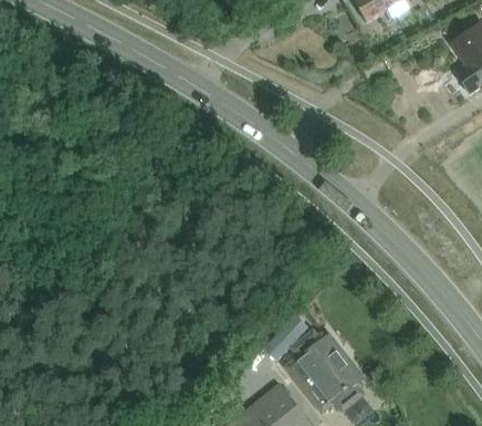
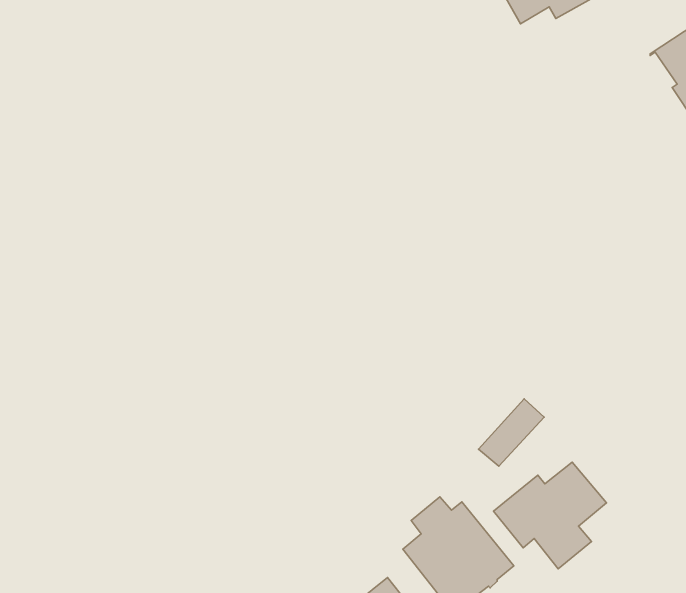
building: none -> [493,462,607,569]
building: [264,315,307,360] -> [479,399,544,466]

